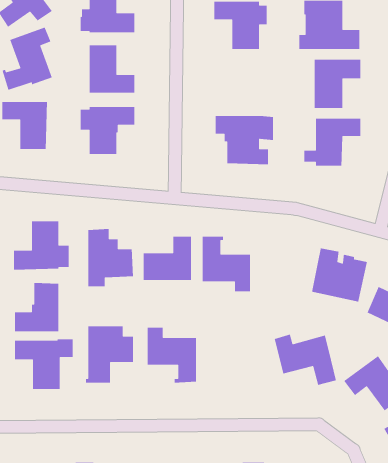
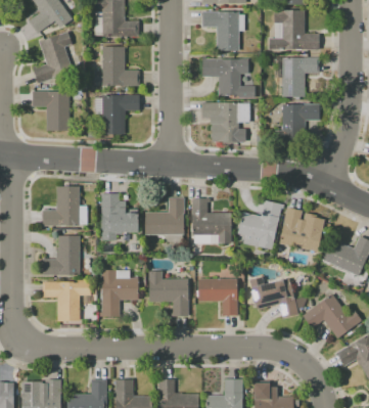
building: none -> [202,56,255,97]
building: none -> [237,200,284,248]
building: none -> [198,279,238,316]

